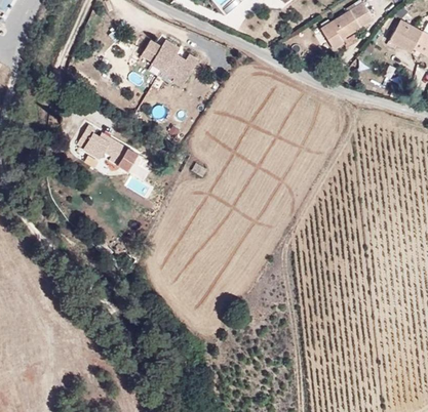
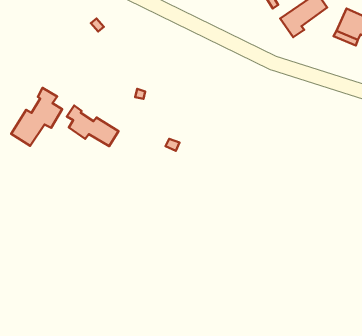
building: [145,43,201,87] -> none
building: none -> [11,88,62,146]

